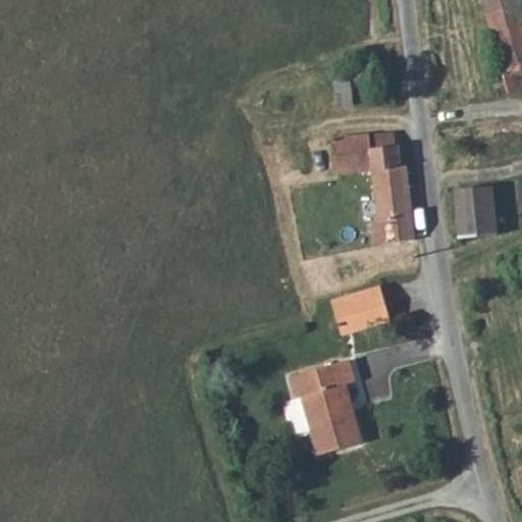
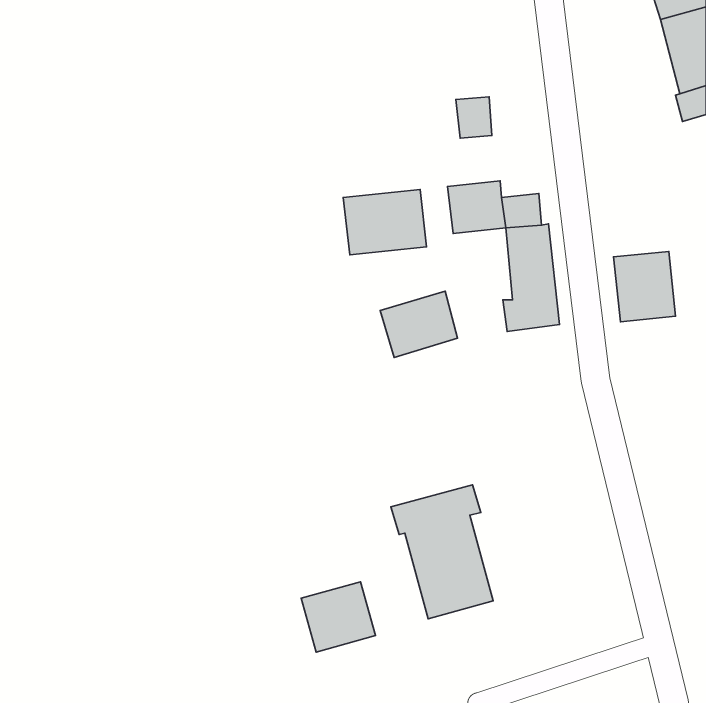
building: none -> [343,189,427,255]
building: [331,285,388,334] -> [380,291,458,358]
building: none -> [301,582,376,652]

